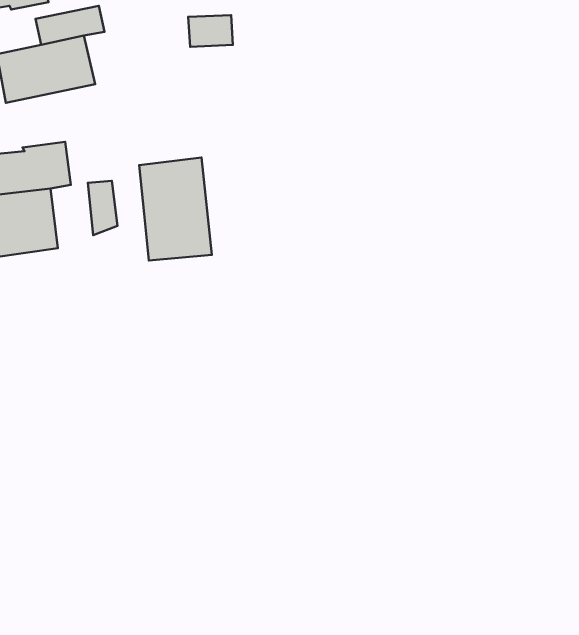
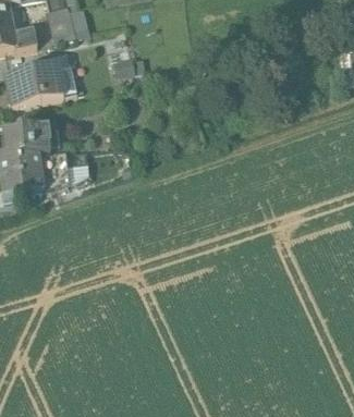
building: [139,158,212,261] -> none

